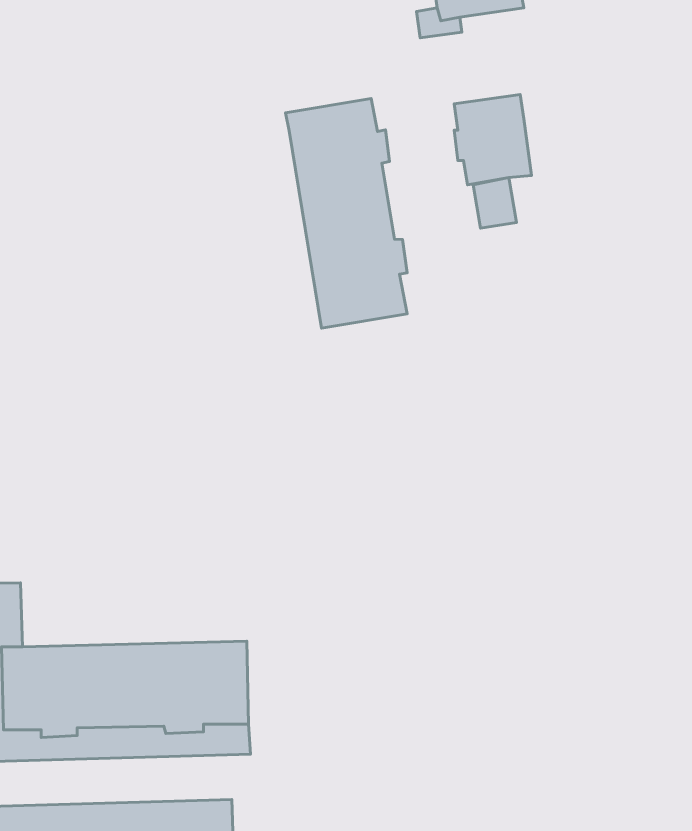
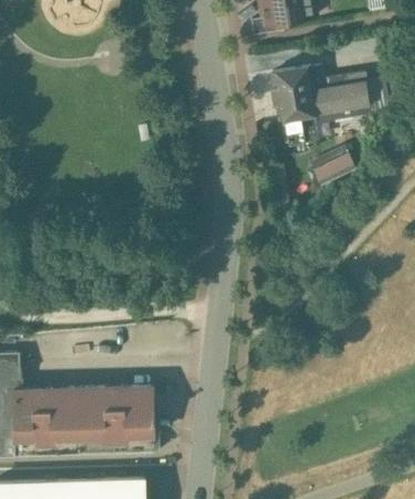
building: [286,98,407,328] -> none
building: none -> [314,80,369,114]
building: none -> [316,148,361,182]

